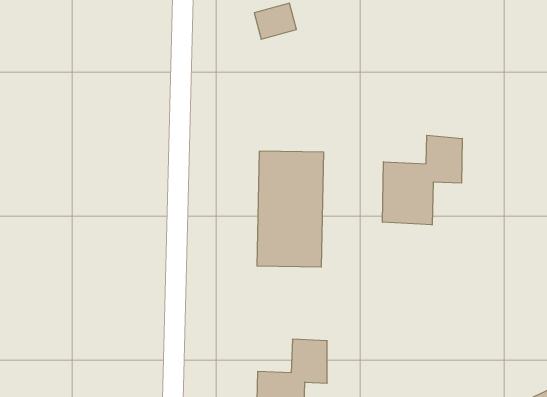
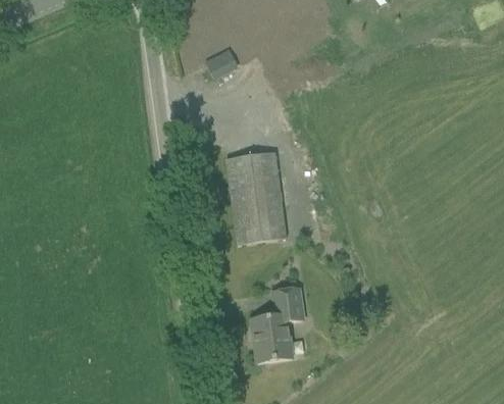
building: [383,135,462,225] -> none

